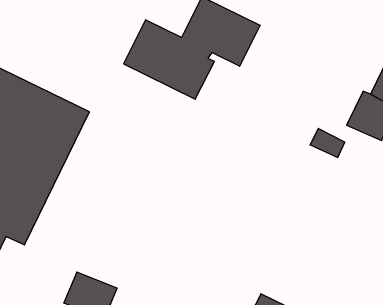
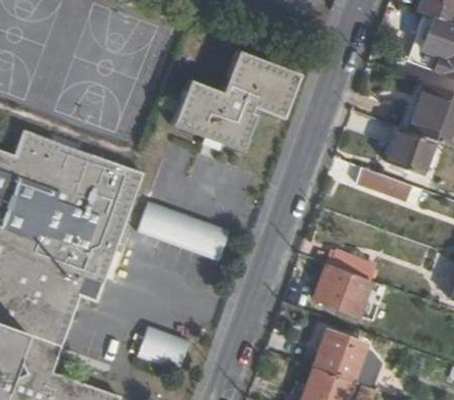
building: none -> [138,202,231,260]
building: none -> [314,262,371,313]

